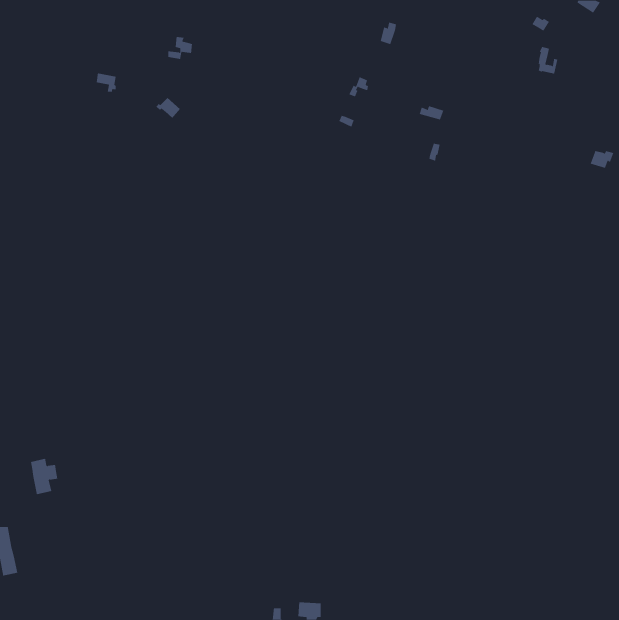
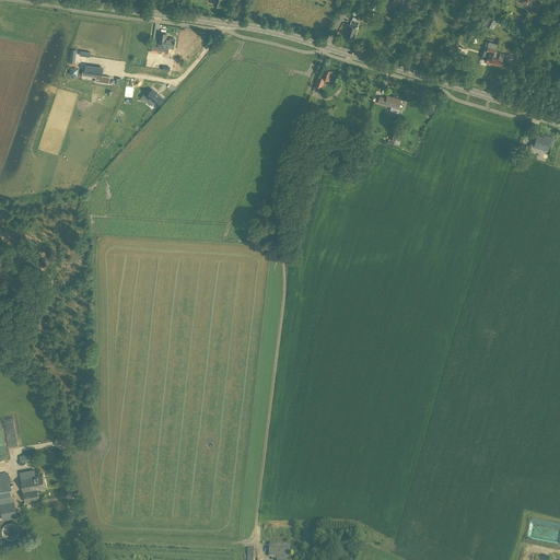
building: [30,458,58,495] -> [19,469,44,502]

